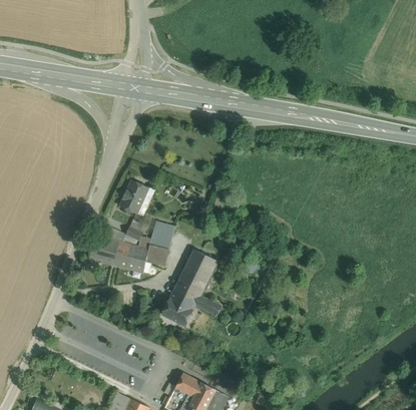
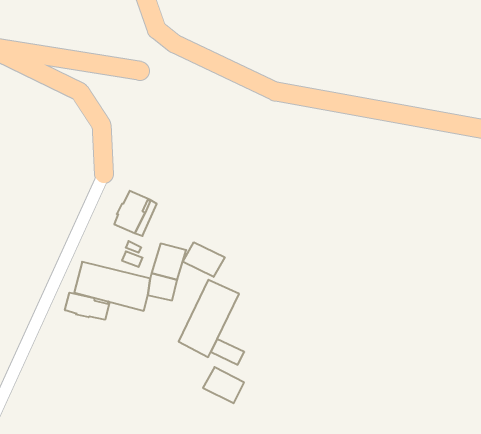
building: none -> [183,242,225,277]
building: none -> [65,293,110,320]
building: [160,298,192,326] -> [203,367,244,403]

